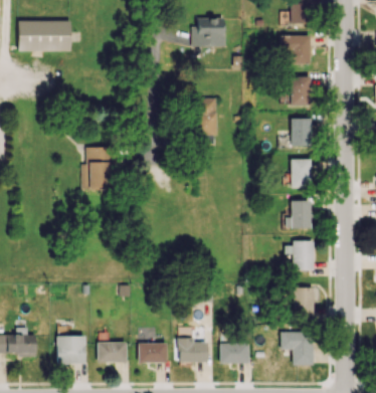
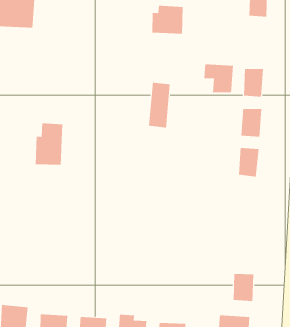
building: [280,35,311,64] -> [203,64,234,93]
building: [286,200,312,228] -> none
building: [285,241,314,270] -> none

